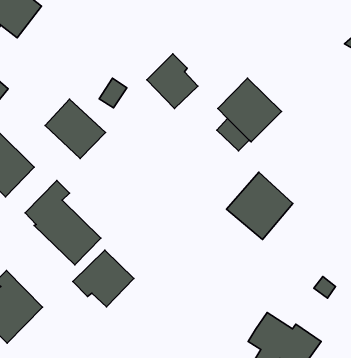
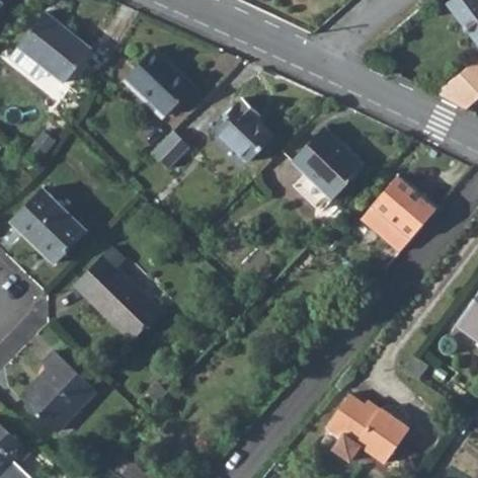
building: [45,99,105,159] -> [128,50,195,116]
building: [226,172,293,240] -> [357,174,432,250]
building: [73,250,134,307] -> none

